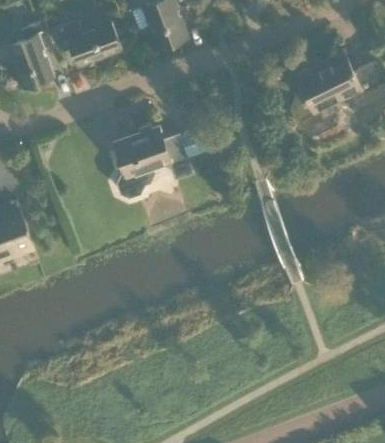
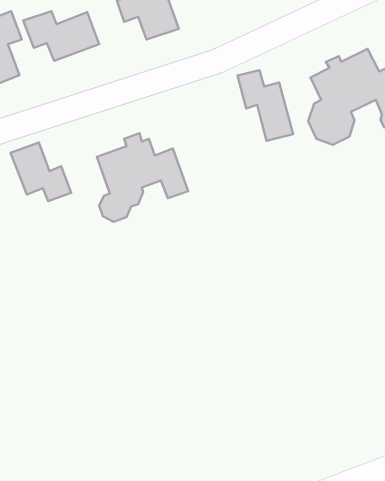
building: none -> [238,70,293,141]
building: none -> [11,142,71,201]

